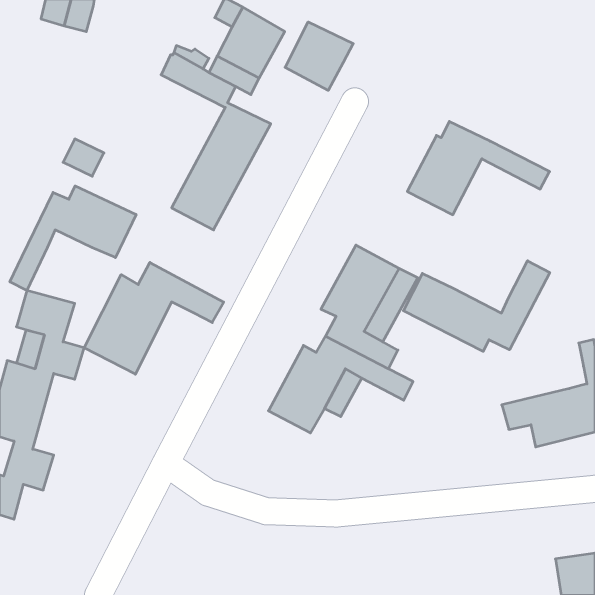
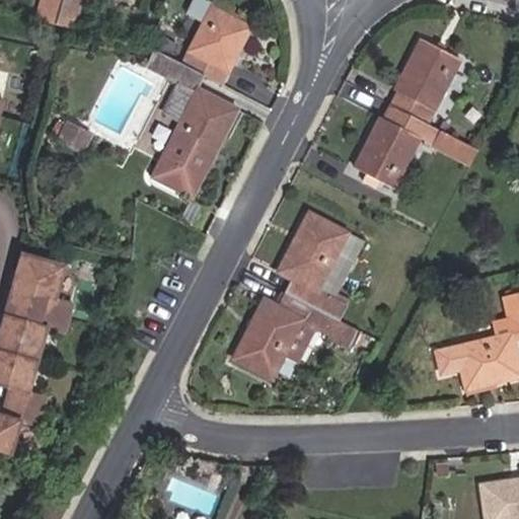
building: [285,22,353,90] -> none
building: none -> [390,39,458,123]
building: [10,186,136,290] -> none
building: [403,261,550,351] -> none
building: [84,262,224,374] -> none

